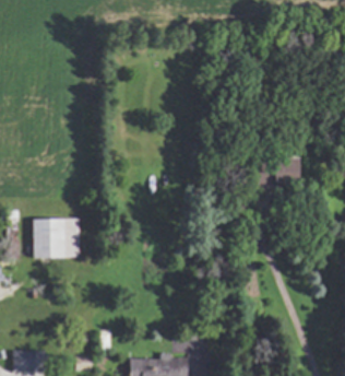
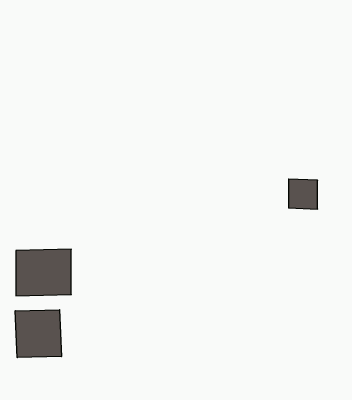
building: none -> [15,310,61,358]

